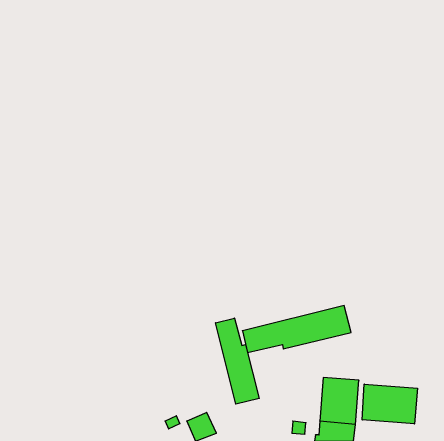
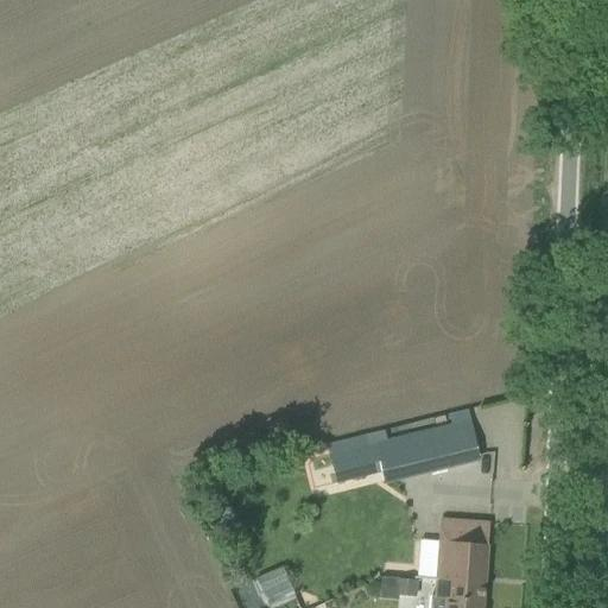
building: [216,318,259,404] -> none
building: [362,384,417,424] -> none

